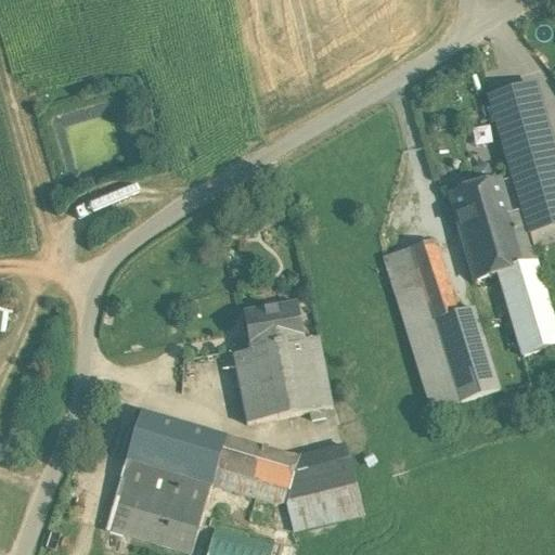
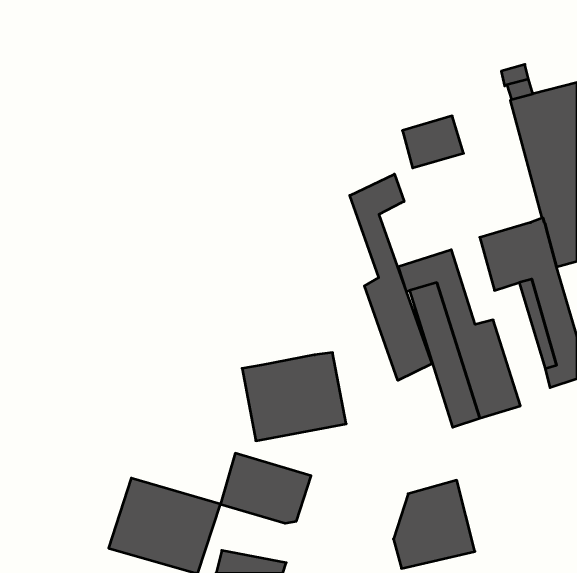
building: none -> [350,174,432,380]
building: [450,178,508,228] -> [402,116,464,168]
building: [244,302,301,350] -> none
building: [126,409,225,483] -> none
building: [284,443,362,528] -> [393,480,475,568]

